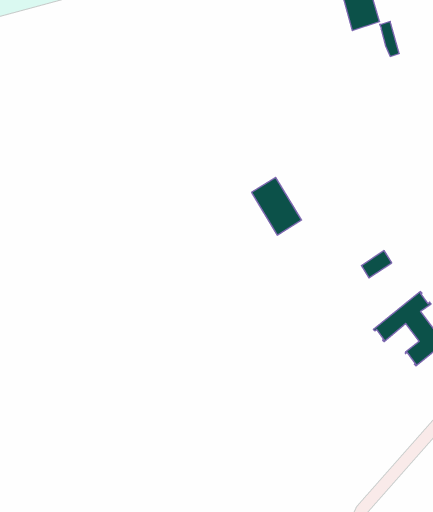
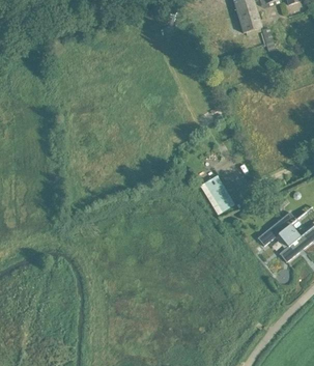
building: [252,177,302,235] -> [200,174,234,214]

